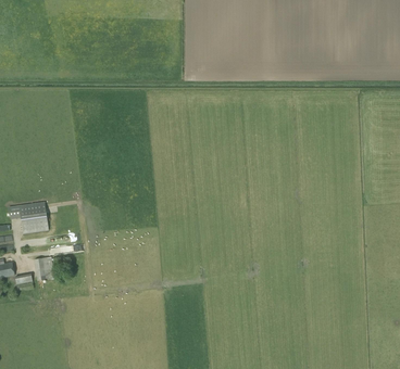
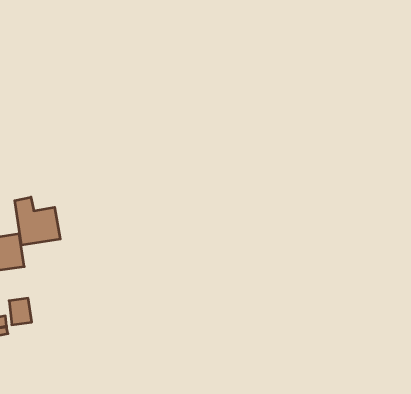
building: none -> [15,197,60,245]

